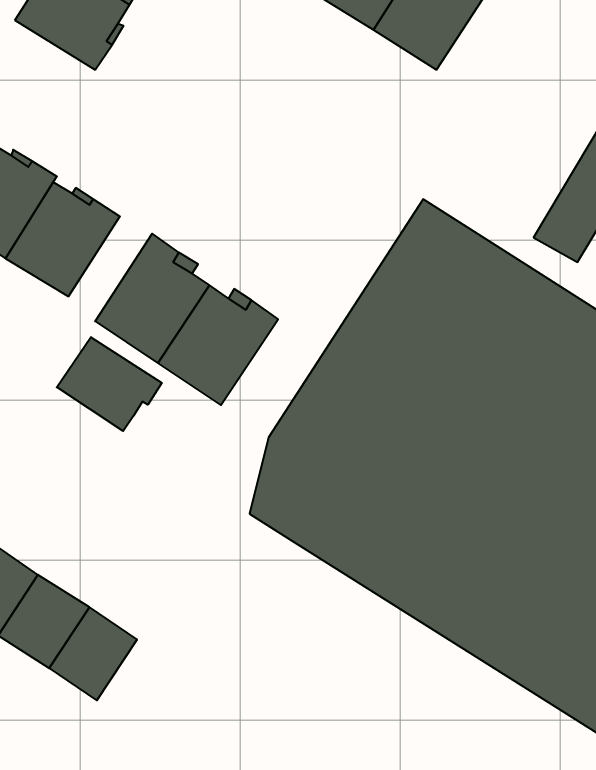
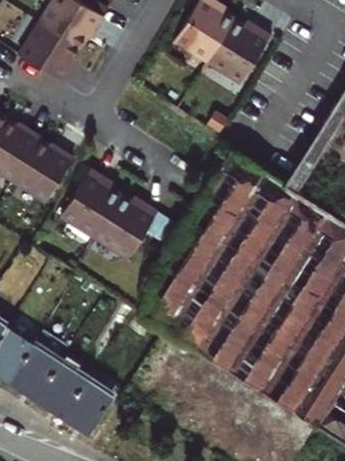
building: [57,337,162,431] -> none
building: none -> [63,383,111,433]

